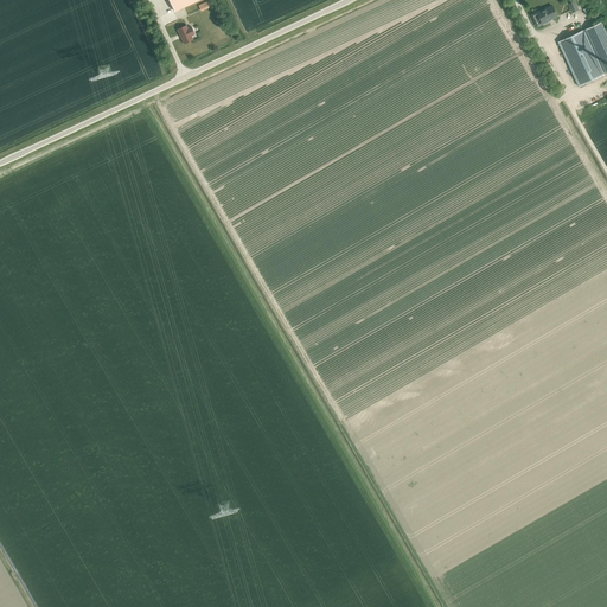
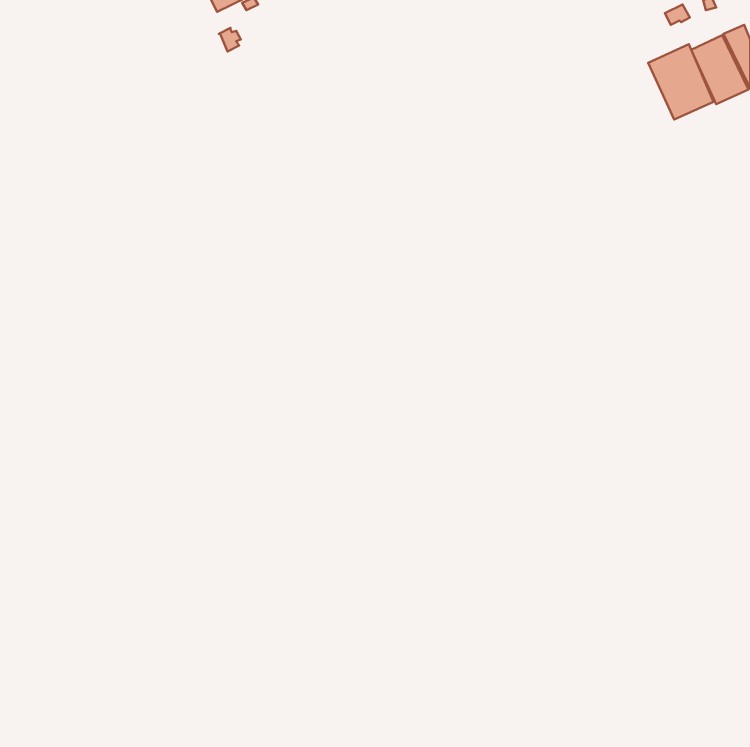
building: none -> [648,44,714,119]

